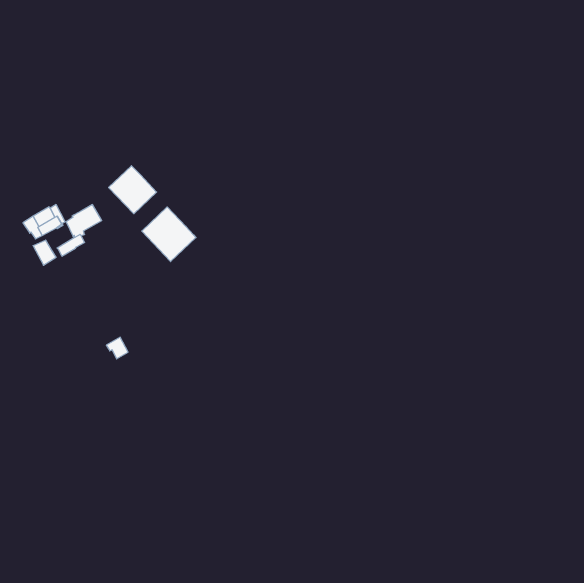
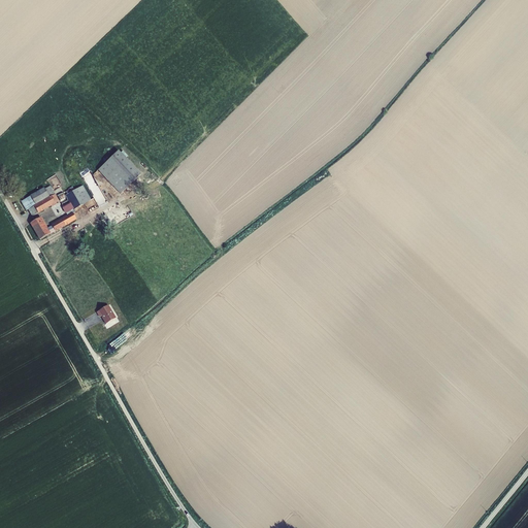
building: [142,207,196,262] -> none

